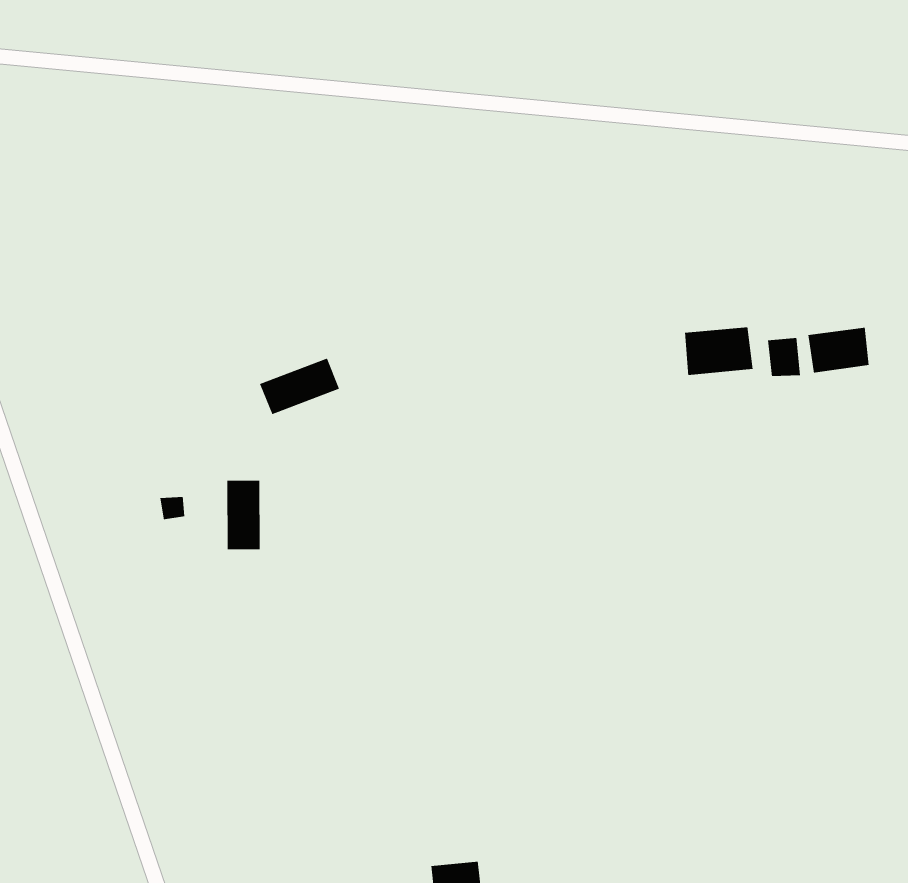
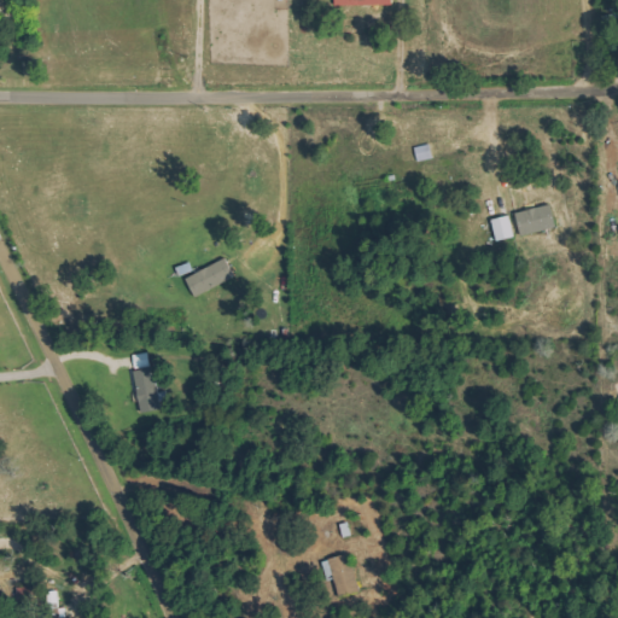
building: [684,327,753,376] -> none
building: [226,480,260,550] -> [133,368,158,413]

